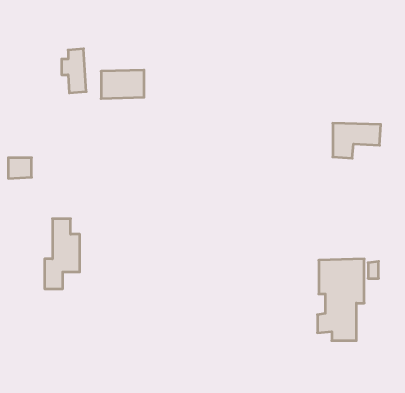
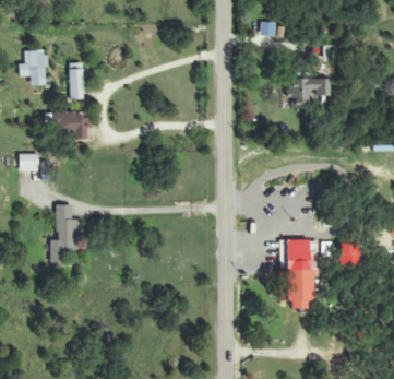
building: none -> [20,50,47,85]
building: [101,70,144,99] -> [51,111,87,135]
building: [333,123,381,158] -> [291,78,332,107]

